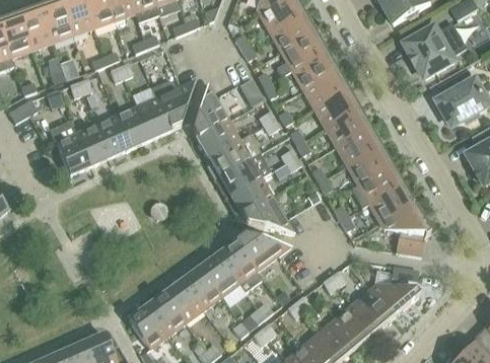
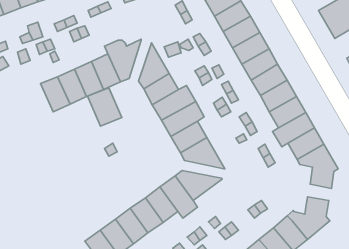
building: [55,132,90,174] -> none
building: none -> [88,88,122,126]

